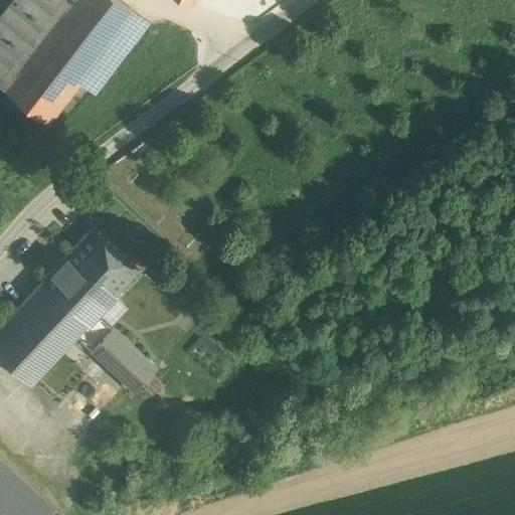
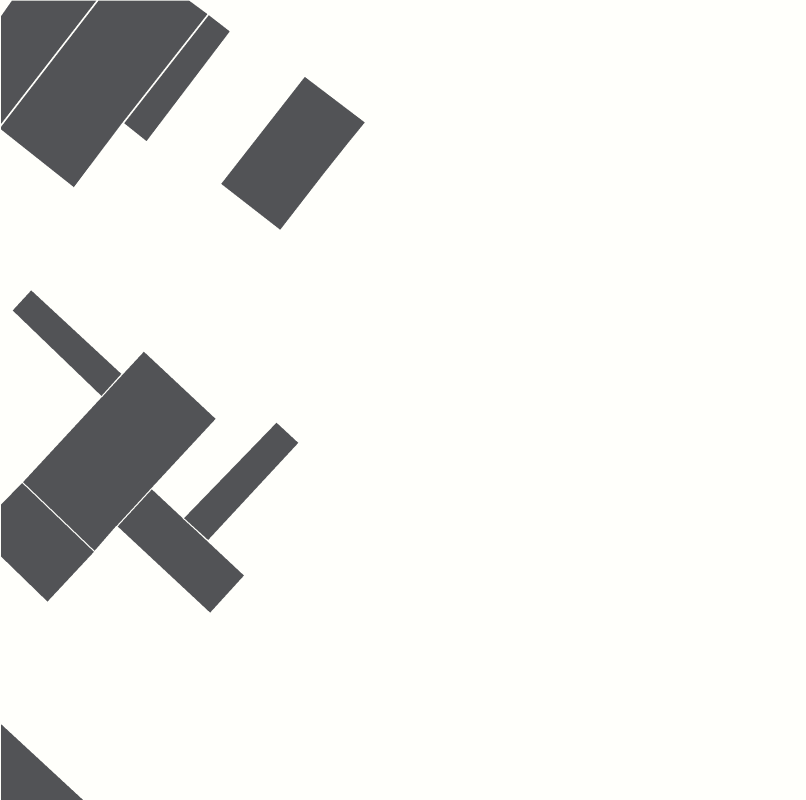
building: none -> [220,76,366,231]
building: none -> [12,290,122,397]
building: none -> [183,422,299,541]

